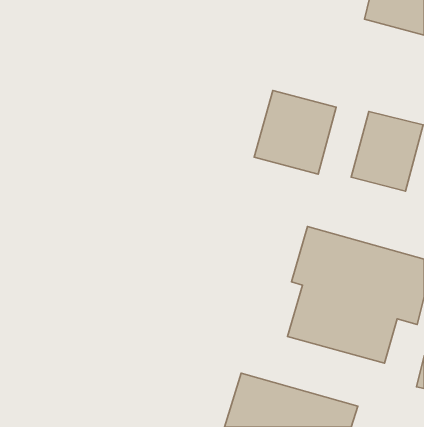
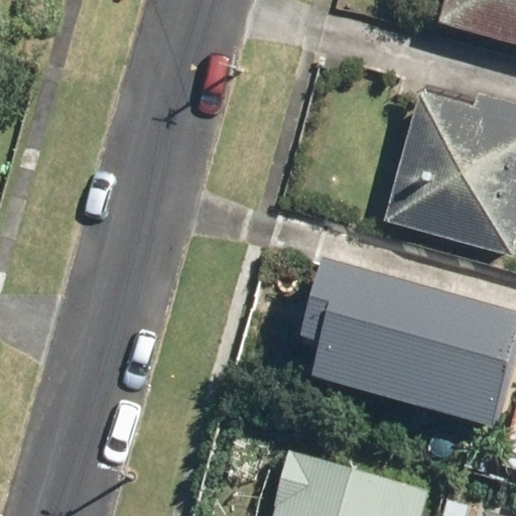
building: [254,91,336,174] -> none

